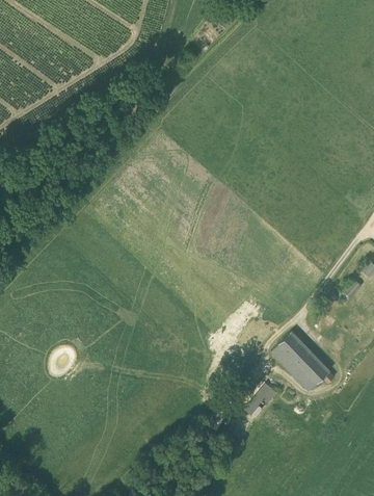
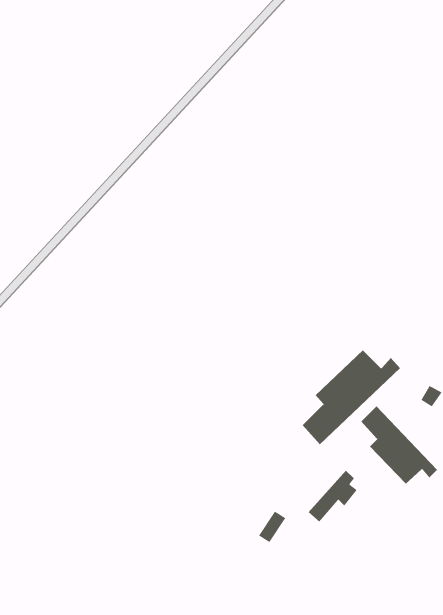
building: none -> [302,349,401,445]

